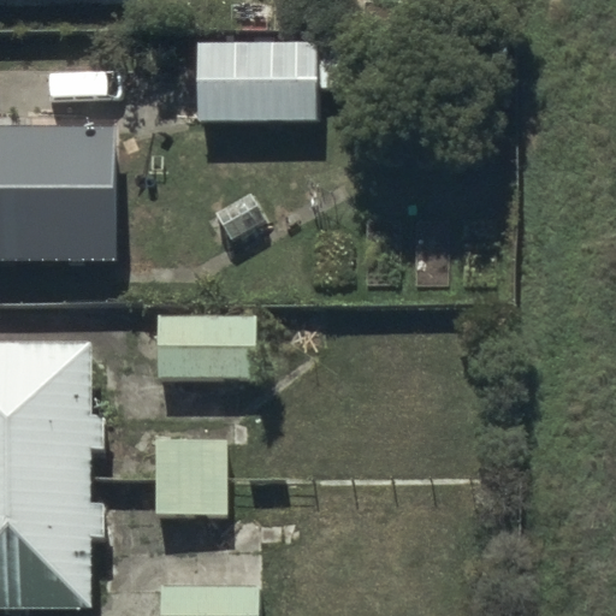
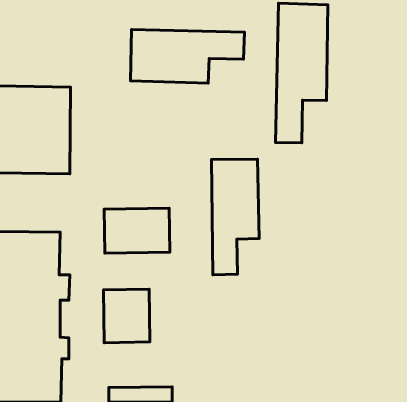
building: none -> [275,3,328,143]
building: none -> [212,159,259,275]

